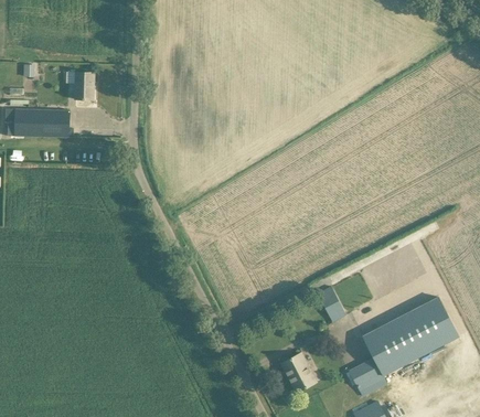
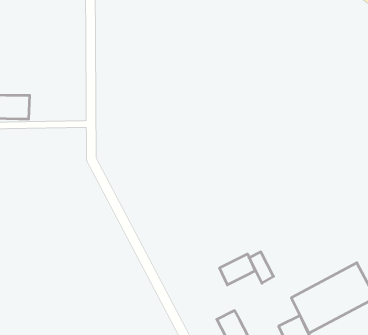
building: [65,71,94,99] -> none
building: none -> [220,254,255,285]

